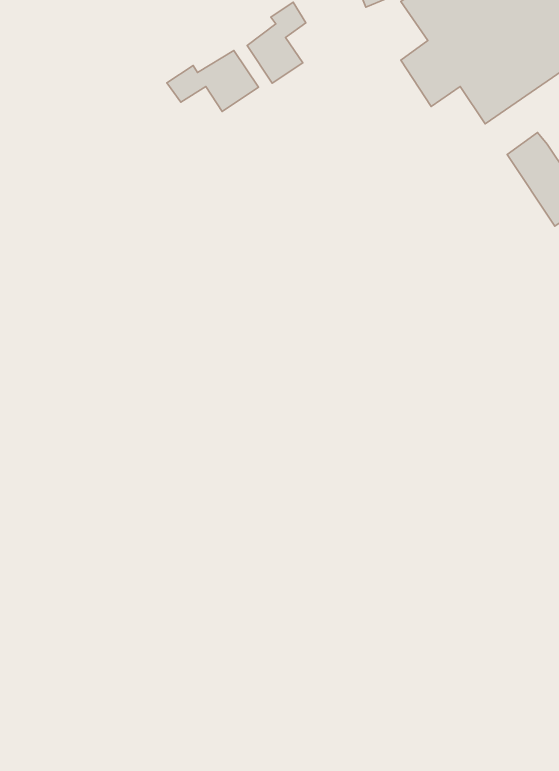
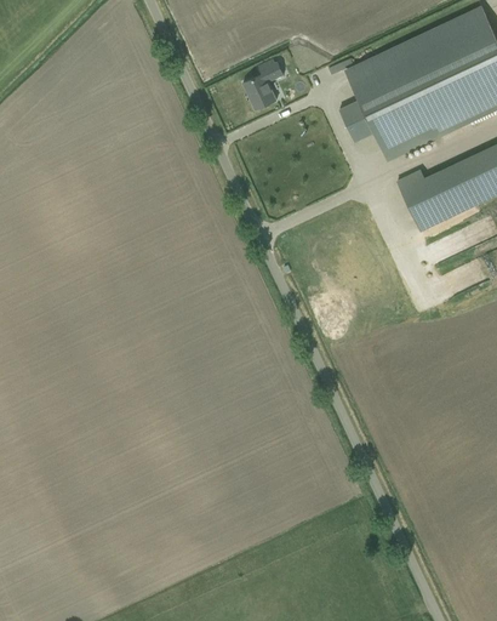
building: [167,51,258,112] -> none

